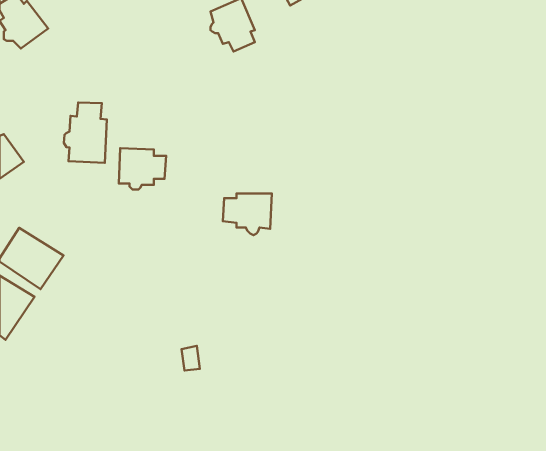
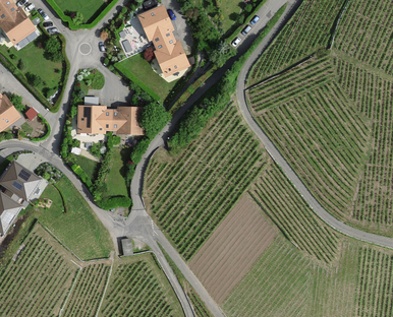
building: none -> [156,37,185,73]
building: [64,103,107,163] -> none
building: [223,194,272,235] -> [110,109,143,136]

